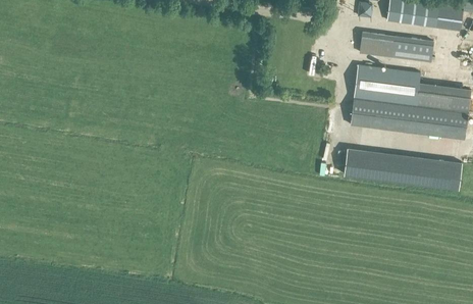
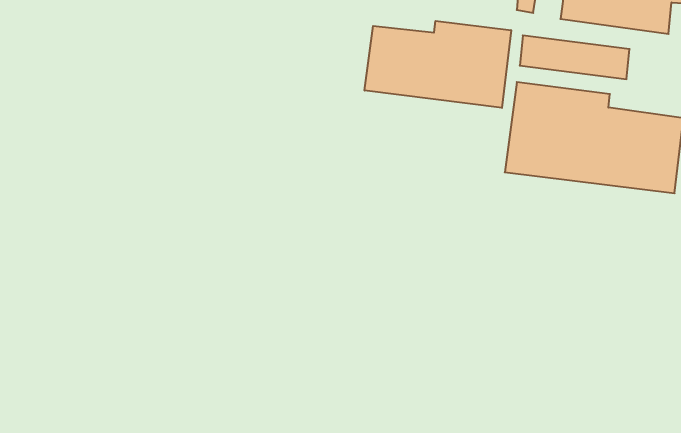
building: none -> [365,21,511,108]
building: [344,150,462,190] -> none

